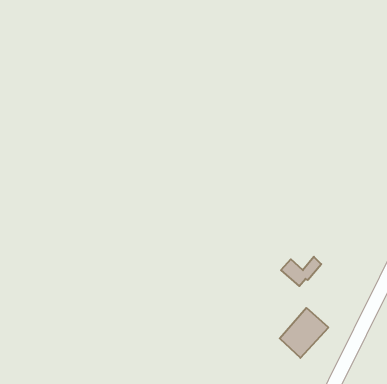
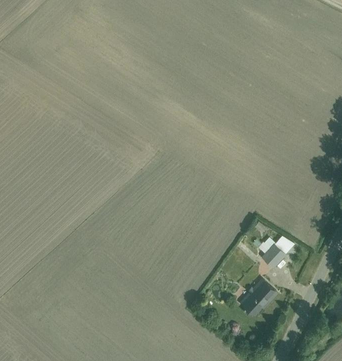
building: none -> [264,235,296,268]

